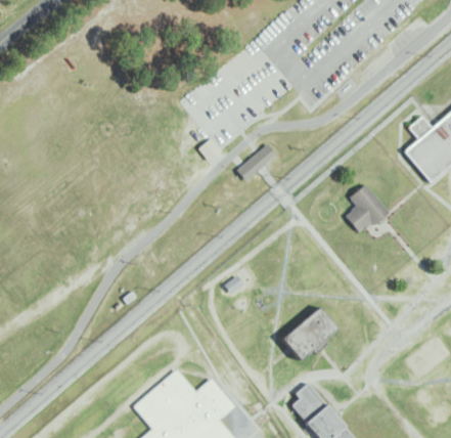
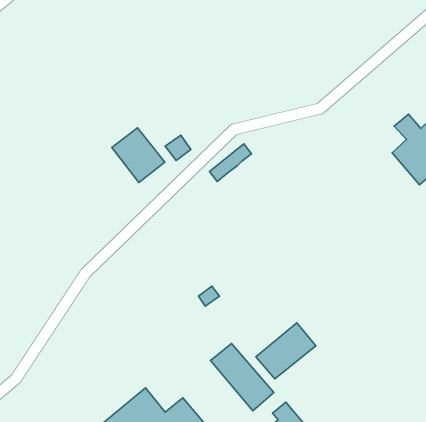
building: none -> [112,128,165,183]
building: [344,184,390,234] -> none
building: none -> [211,343,274,411]

